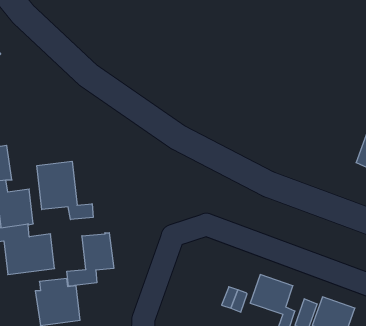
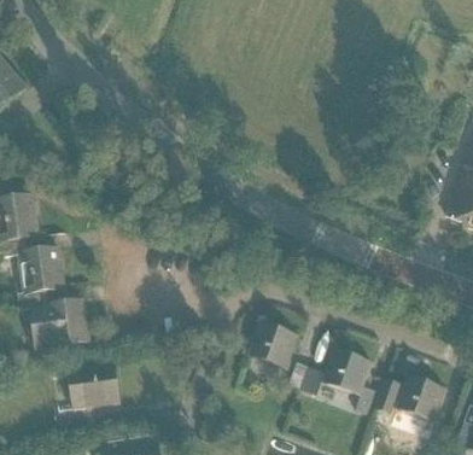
building: [37,161,93,220] -> none
building: [67,233,114,286] -> none
building: none -> [247,321,298,368]

